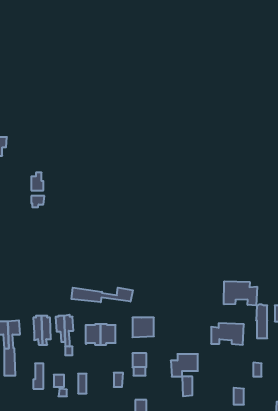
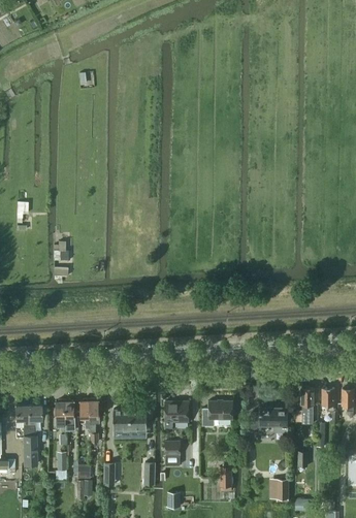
building: [224,281,257,305] -> none
building: [71,288,133,302] -> none
building: [171,354,198,377] -> [202,402,232,427]

